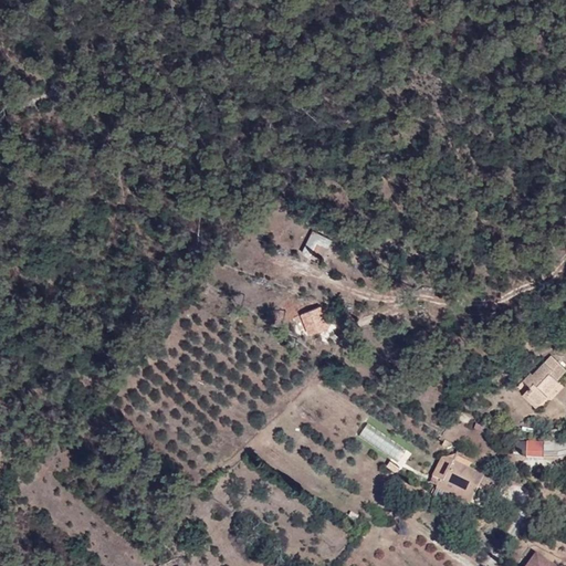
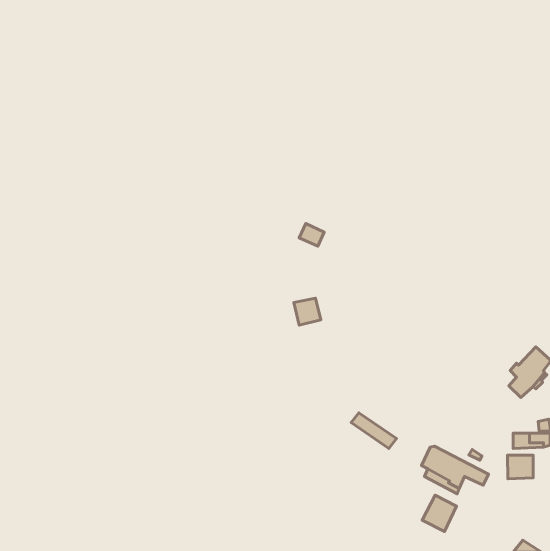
building: none -> [507,455,533,479]
building: none -> [422,495,456,531]

